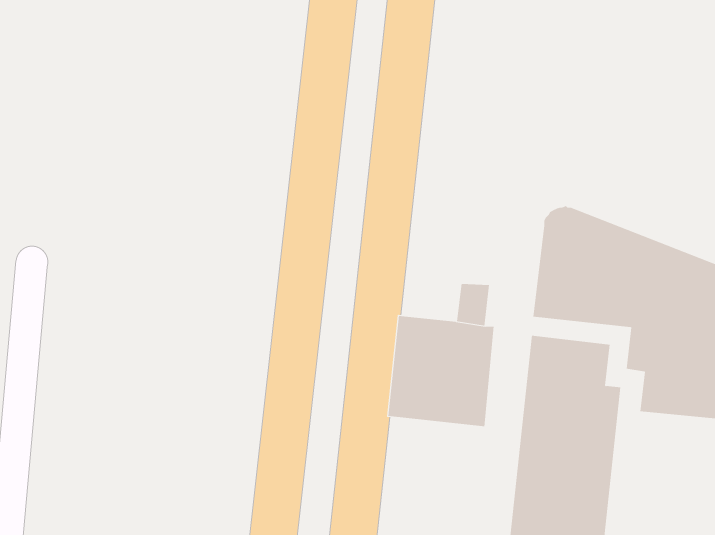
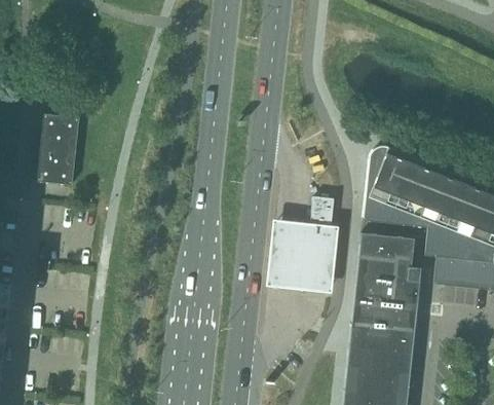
building: none -> [37,113,80,185]

